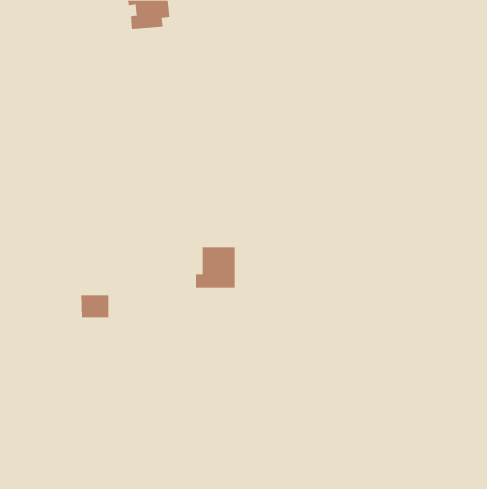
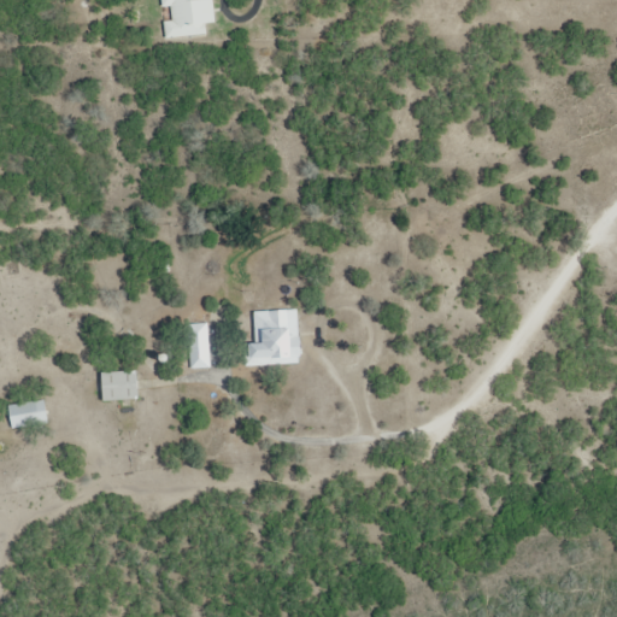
building: none -> [187,324,210,369]
building: none -> [7,396,48,429]

